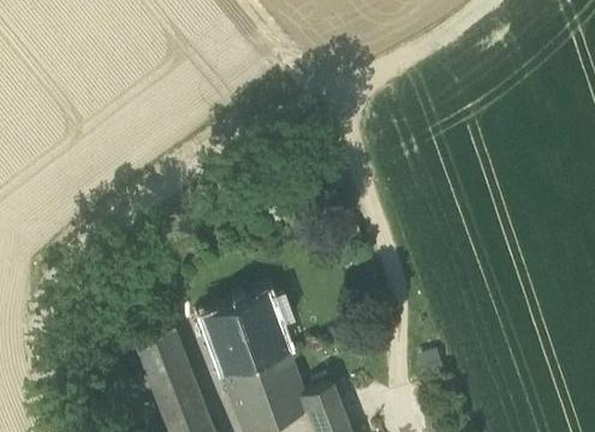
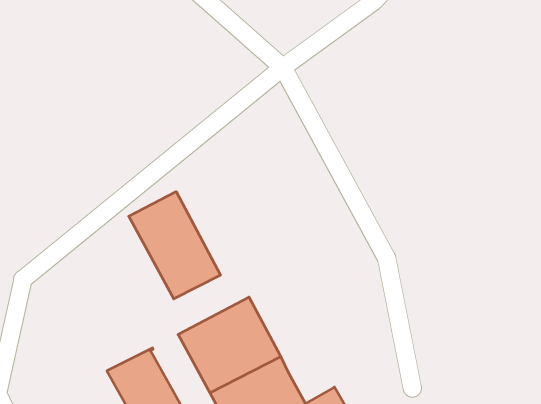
building: none -> [129,192,220,299]

